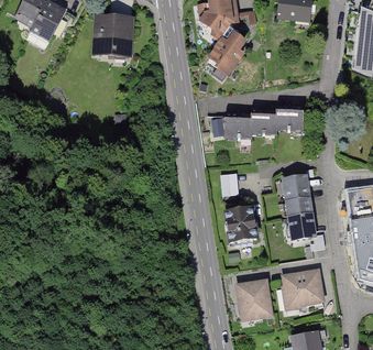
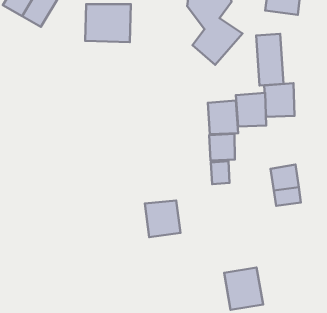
building: none -> [256,34,283,86]
building: none -> [209,134,235,161]
building: [221,208,257,245] -> [145,200,181,237]
building: [286,214,316,243] -> none
building: [279,270,323,311] -> none

